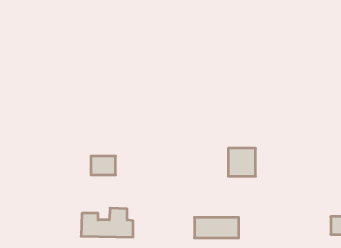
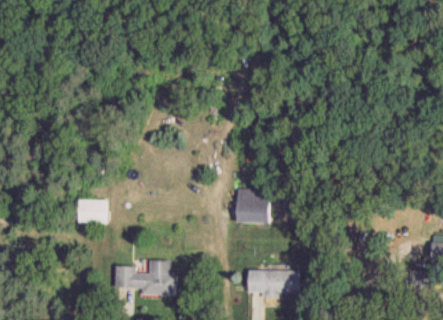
building: [228,148,256,176] -> [236,189,268,222]
building: [91,156,116,175] -> [76,200,105,222]

